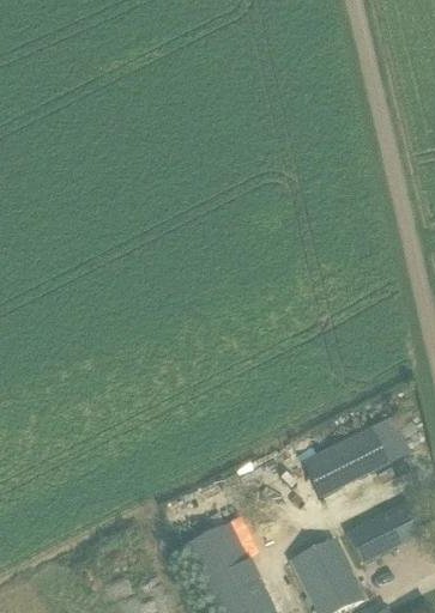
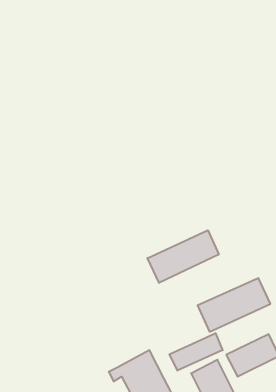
building: none -> [147,230,219,283]
building: none -> [170,333,223,371]

